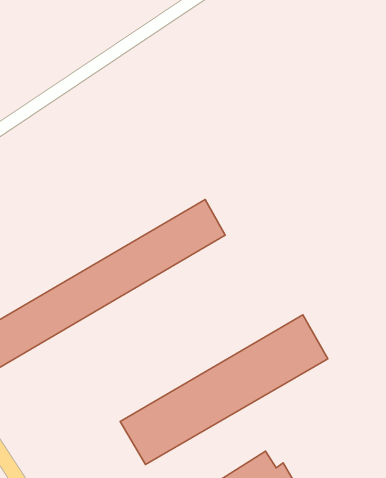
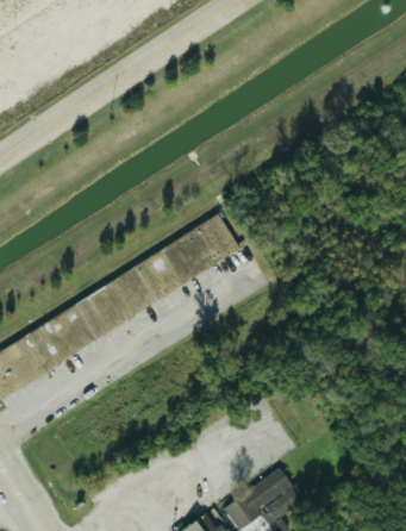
building: [120,315,328,465] -> none

